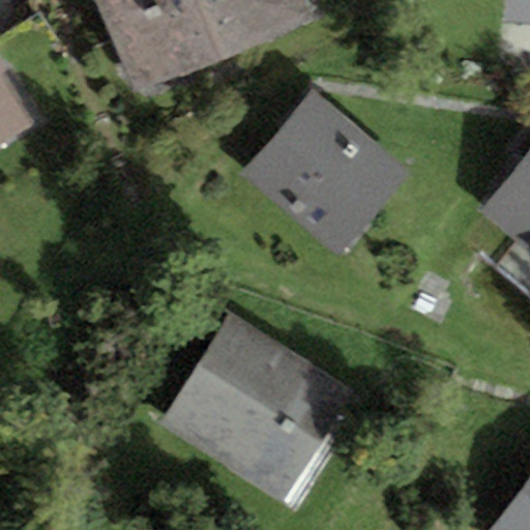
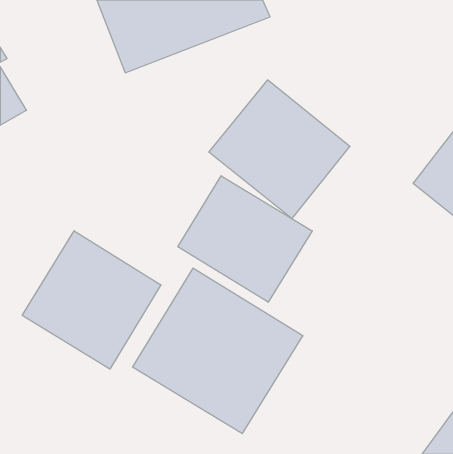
building: none -> [178,176,312,302]
building: none -> [22,231,161,369]

